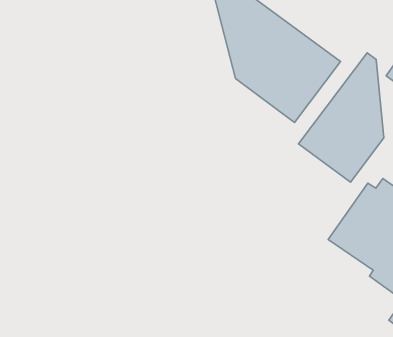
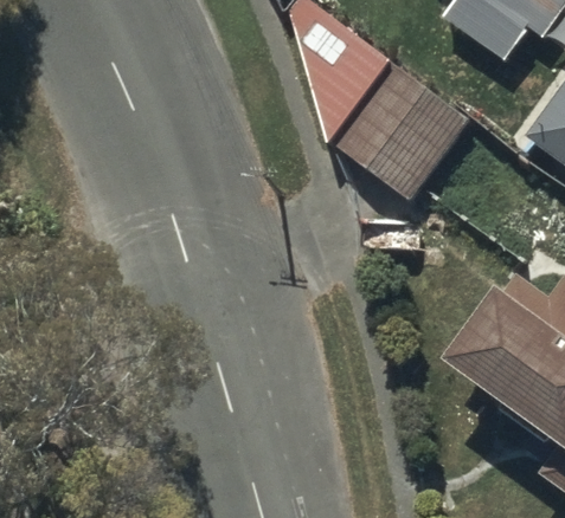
building: [298,53,384,182] -> none

